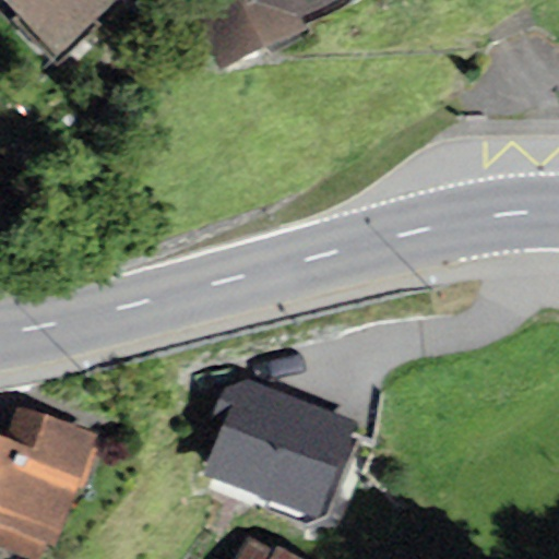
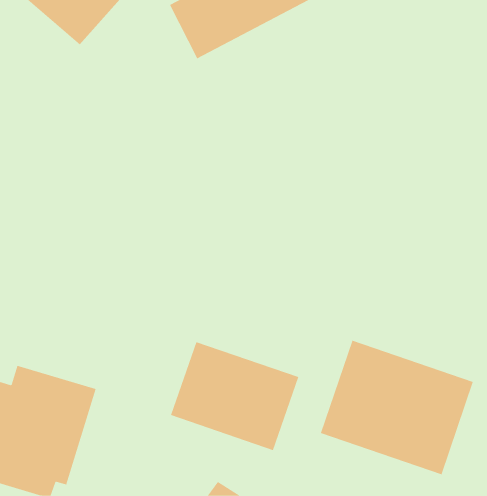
building: none -> [320,340,474,475]

